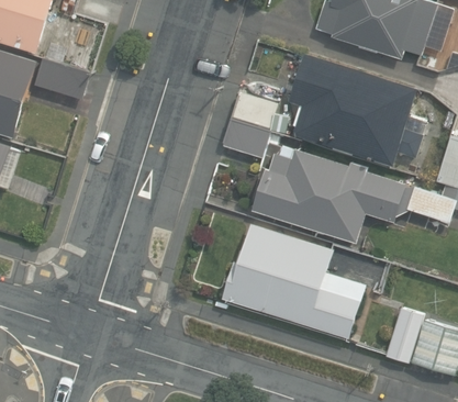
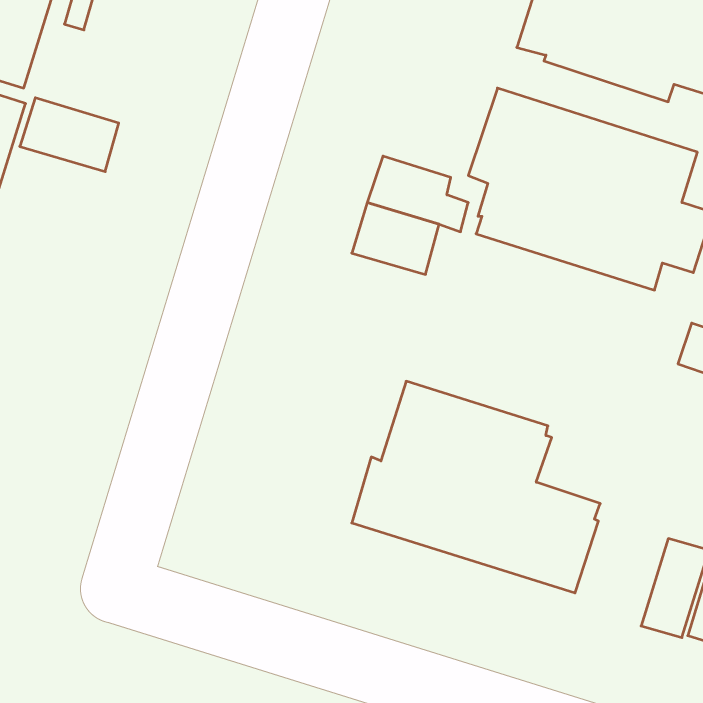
building: [250,145,407,244] -> none

